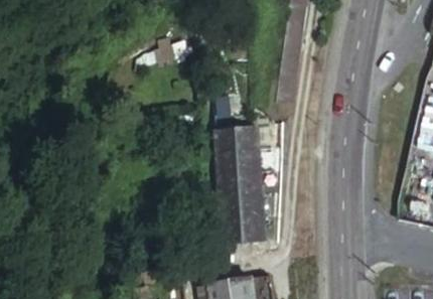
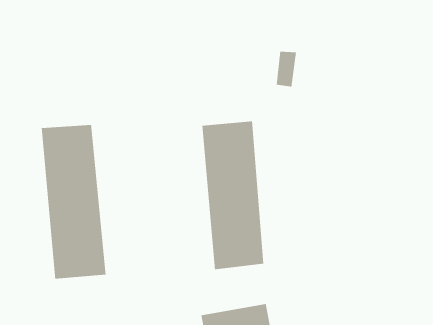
building: none -> [41,124,106,280]

